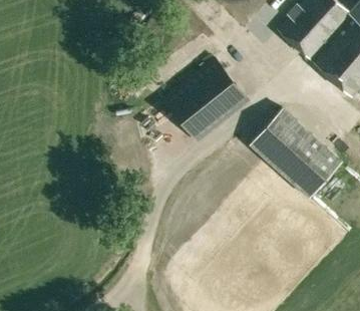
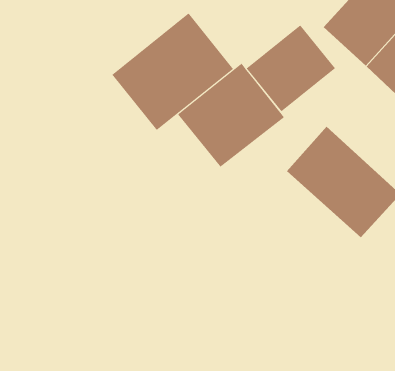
building: none -> [111,13,234,131]
building: none -> [246,24,336,112]

